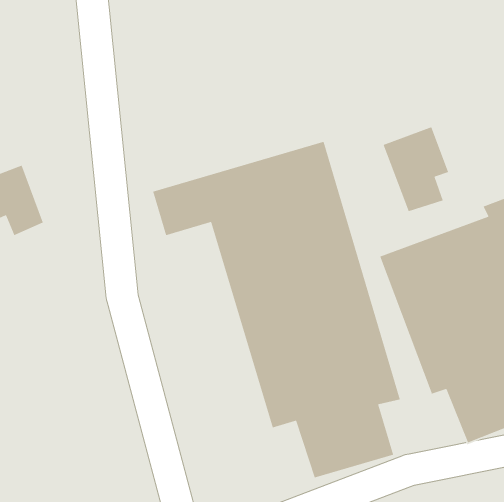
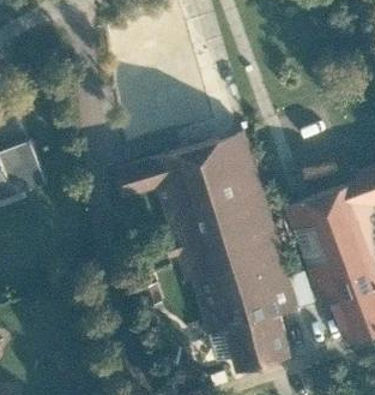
building: [382,126,449,212] -> none

